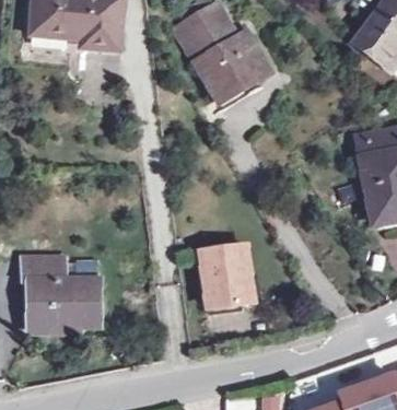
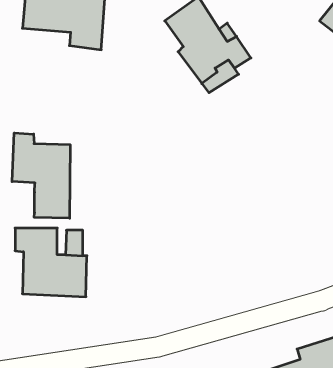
building: none -> [12,133,70,218]
building: [198,260,246,319] -> none

